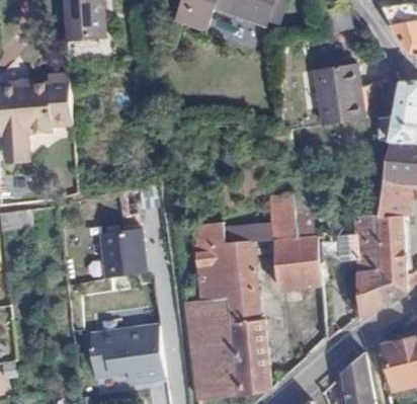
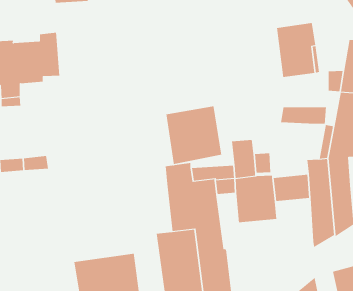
building: none -> [166,106,222,165]
building: none -> [281,106,326,124]
building: [98,227,145,276] -> none

